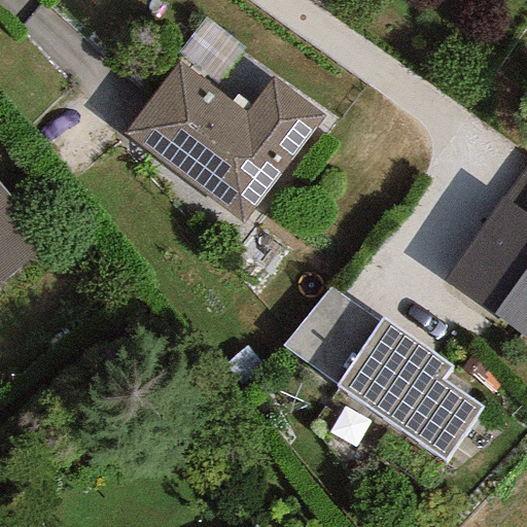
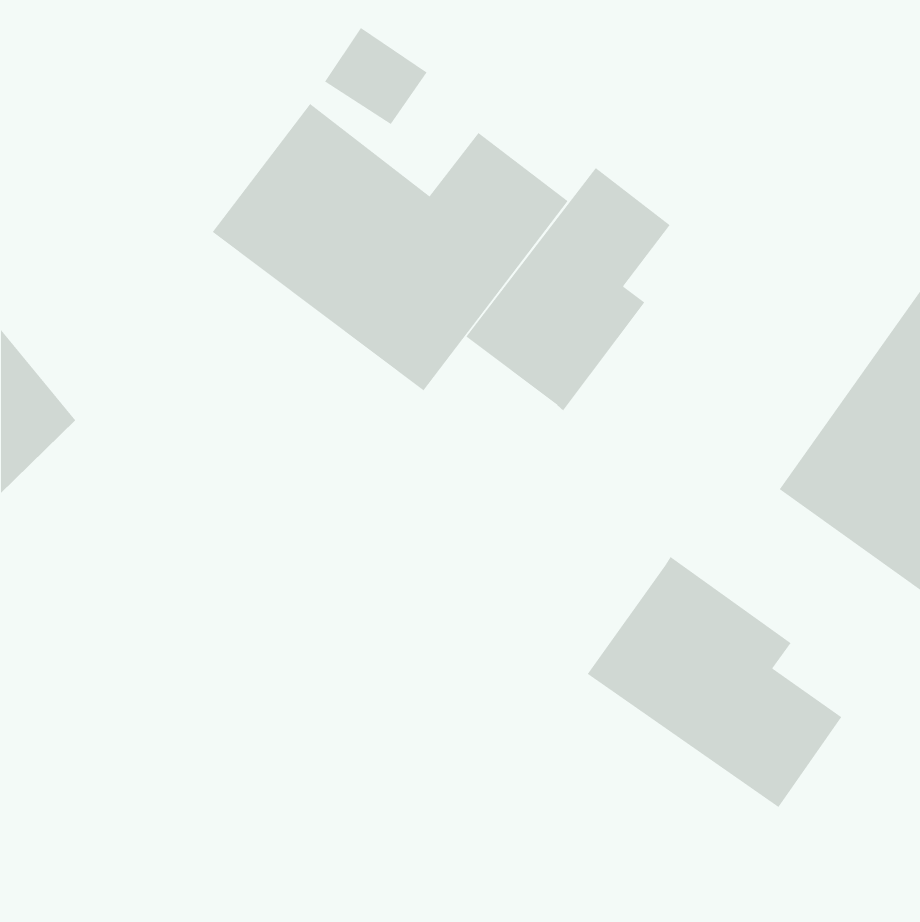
building: none -> [465,167,670,411]
building: [284,286,381,383] -> none

